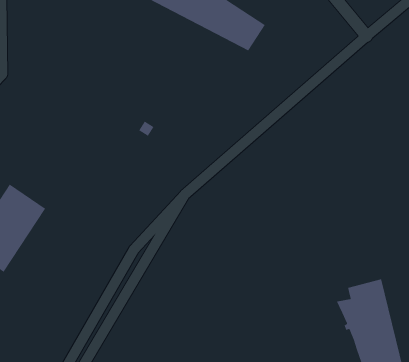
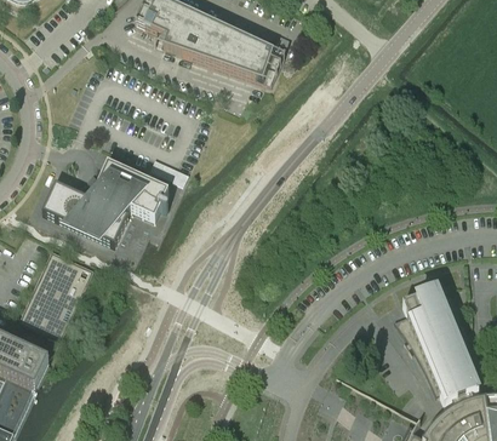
building: none -> [44,160,170,241]

